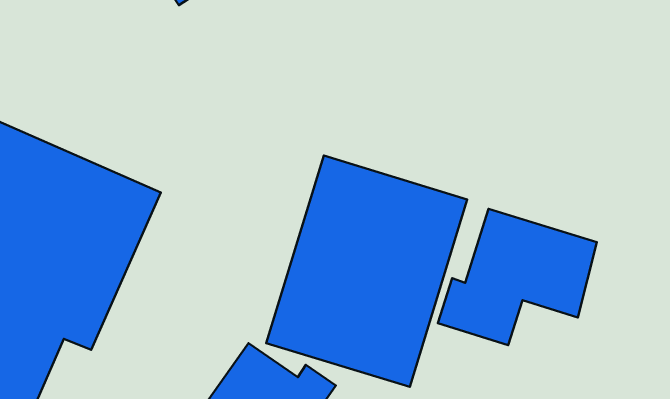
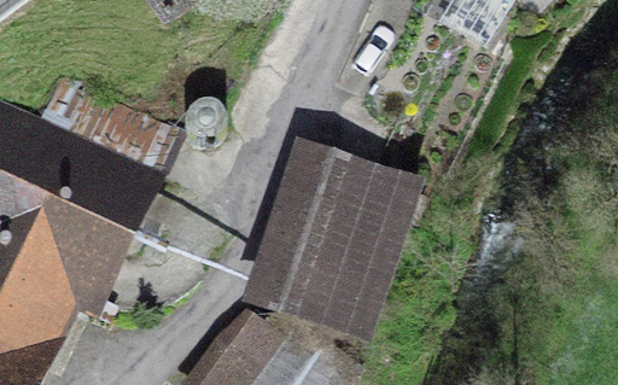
building: [438,209,597,345] -> none

